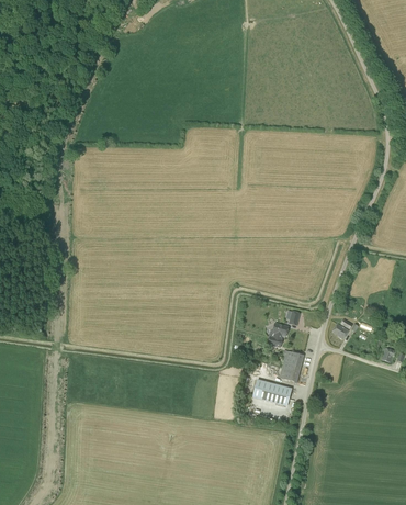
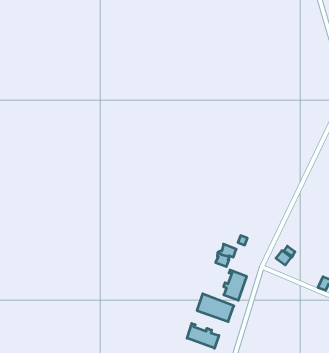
building: none -> [187,323,219,348]

